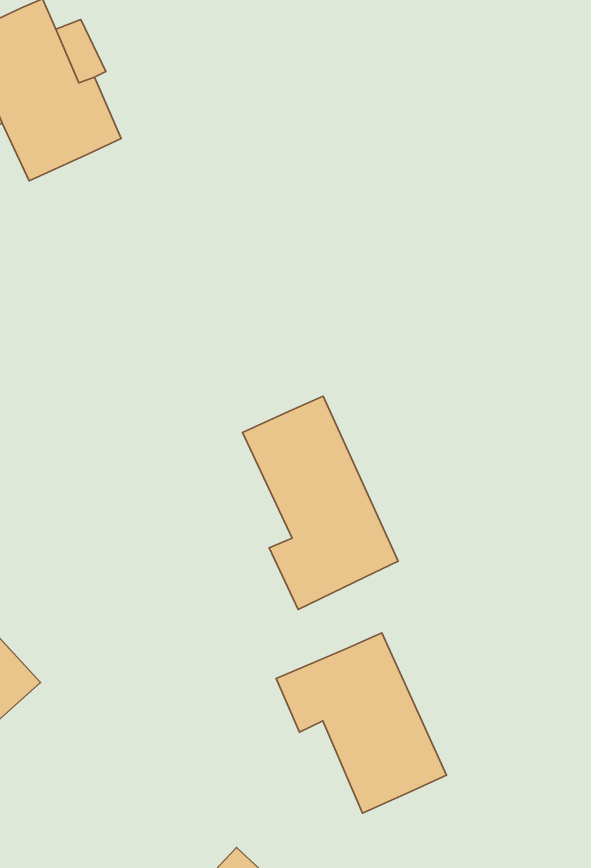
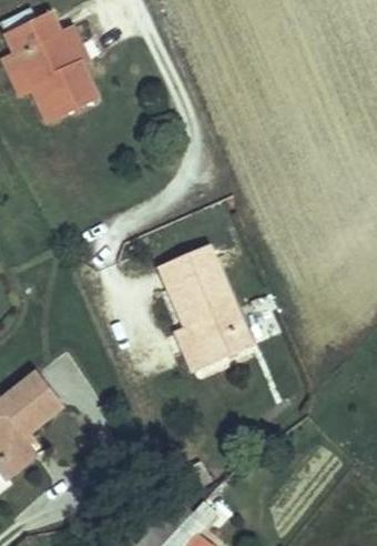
building: [276,633,446,813] -> none

